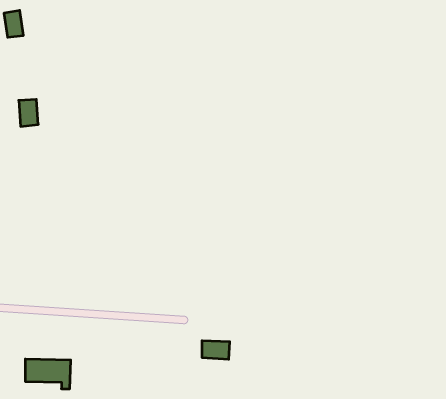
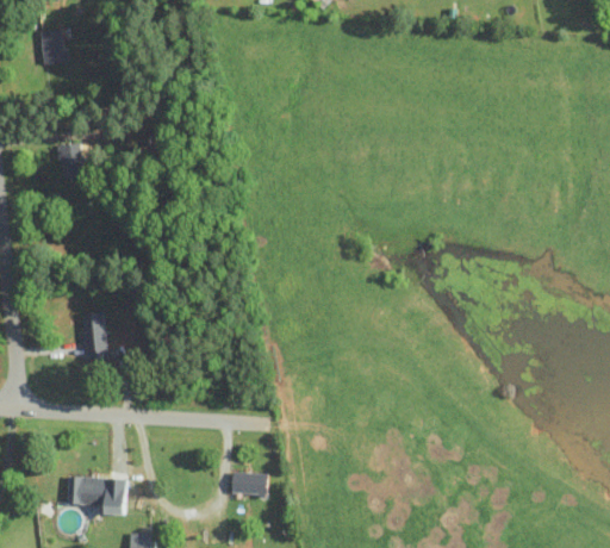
building: none -> [82,312,108,361]
building: [202,341,230,359] -> [232,472,268,496]

